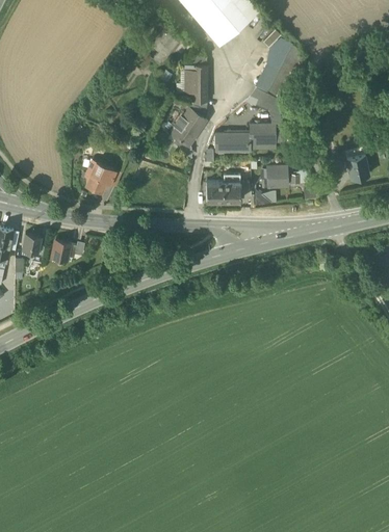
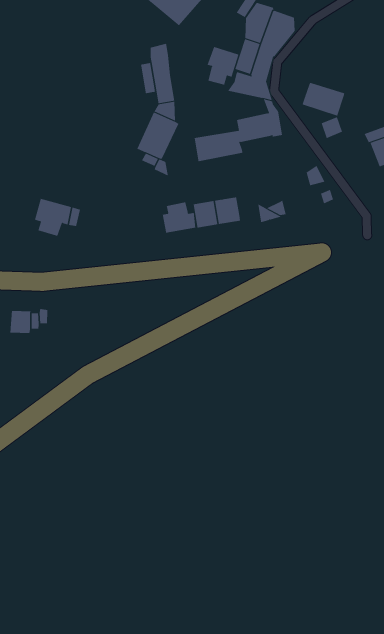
building: none -> [207,46,239,86]
building: none -> [302,82,345,116]
building: [264,166,287,187] -> none
building: none -> [162,201,196,233]

